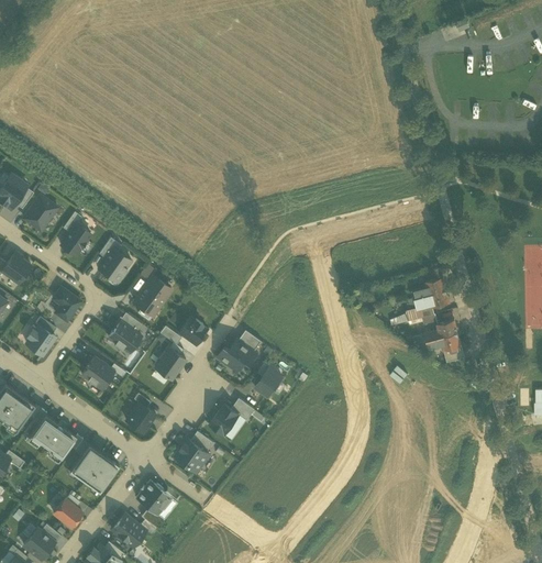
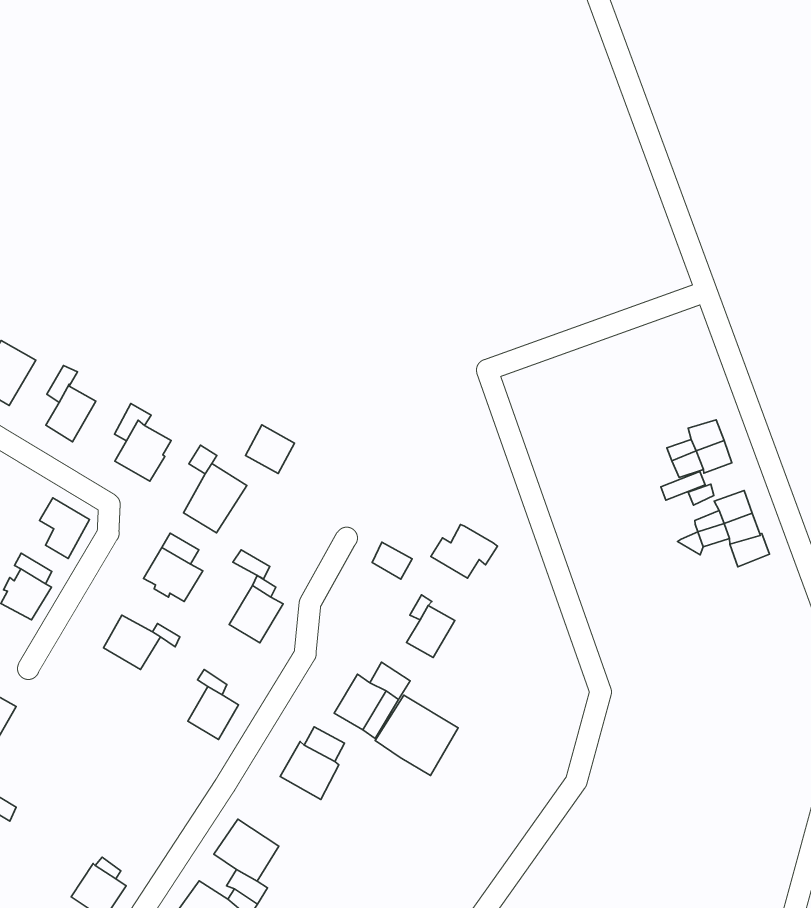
building: [178,318,207,346] -> [245,425,294,474]
building: [218,341,256,372] -> [431,525,497,578]
building: [22,412,74,463] -> none
building: none -> [375,695,458,775]
building: [66,443,115,492] -> none

